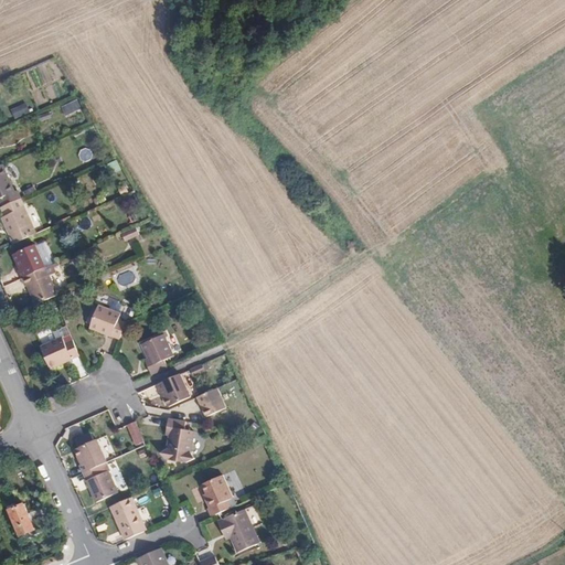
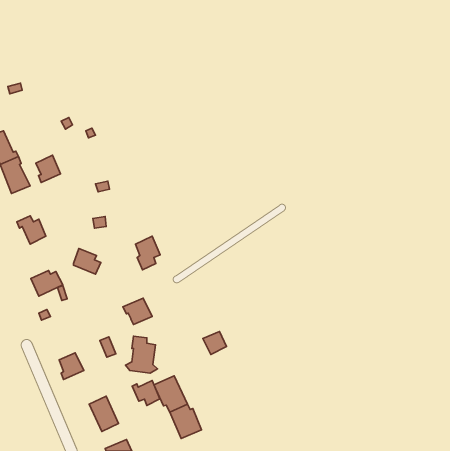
building: [14,243,45,277] -> [36,155,61,183]
building: [140,330,171,372] -> [135,236,160,270]
building: [195,385,225,414] -> [203,331,227,354]
building: [79,467,115,503] -> none
building: none -> [132,380,160,405]
building: [7,503,33,534] -> none

